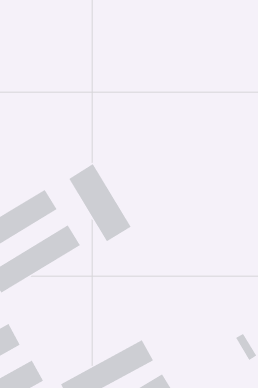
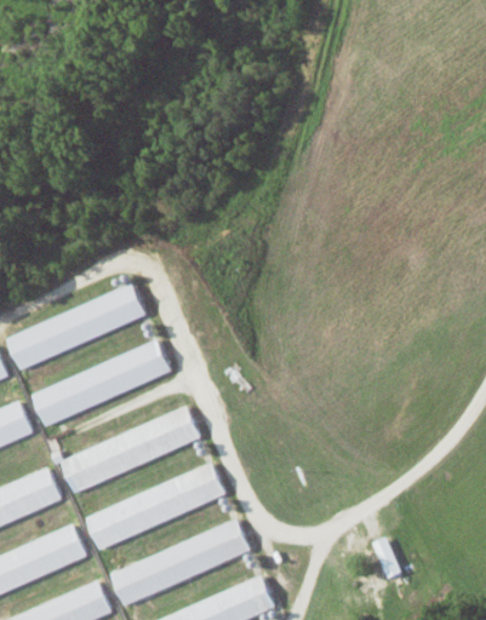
building: [68,163,132,242] -> none
building: none -> [61,409,200,489]
building: none -> [86,464,225,549]

